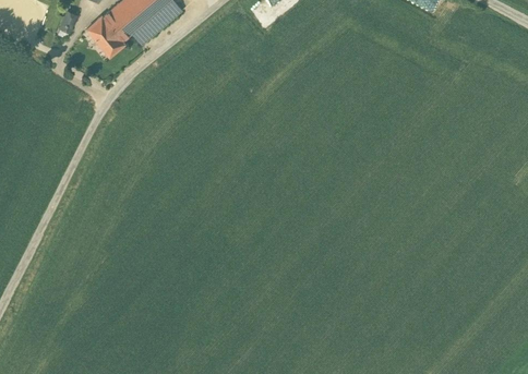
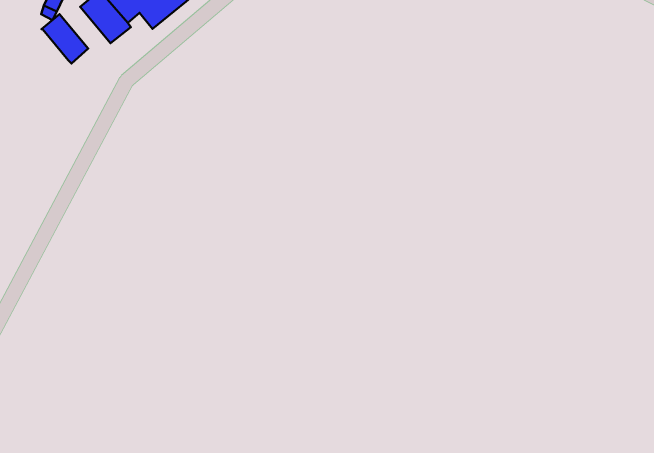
building: none -> [42,14,88,63]

